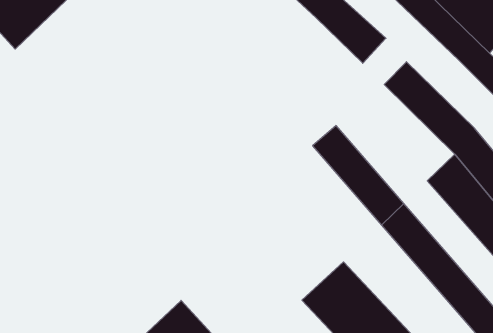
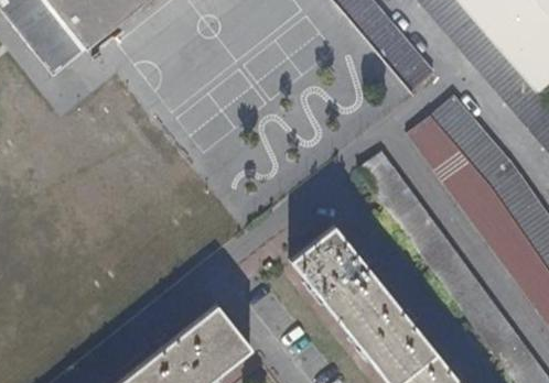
building: none -> [409,117,495,212]
building: none -> [293,228,379,316]

